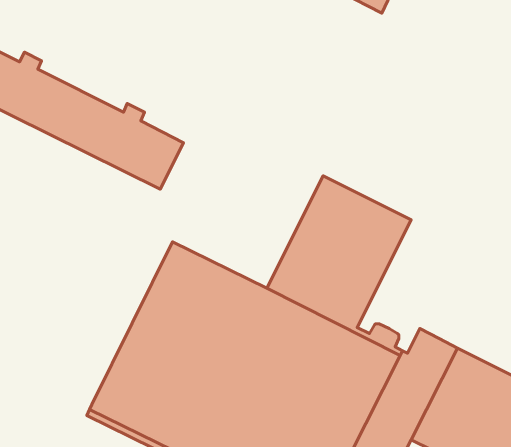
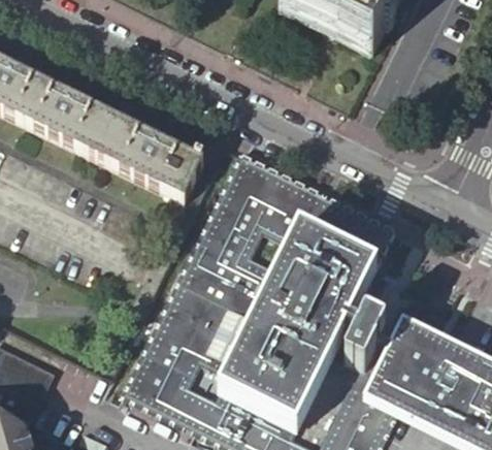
building: none -> [196,153,323,287]

